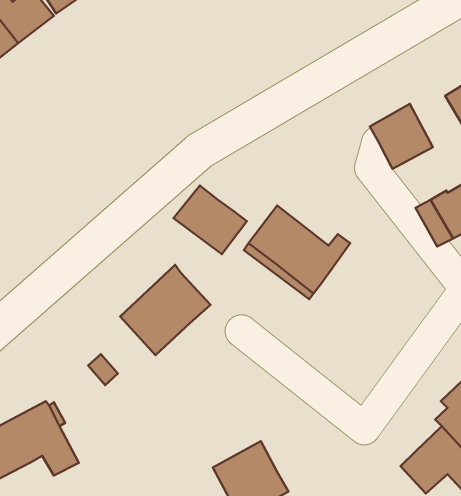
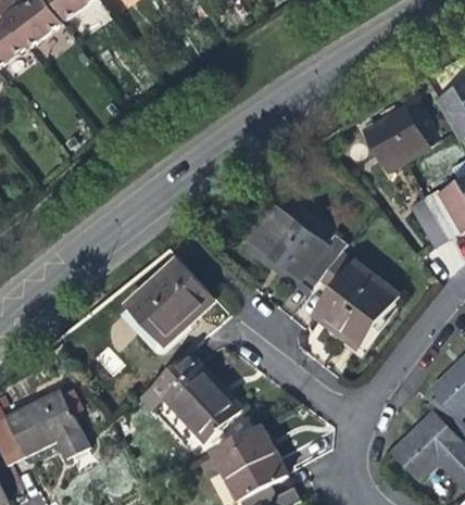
building: [173,186,247,254] -> none
building: none -> [310,248,397,343]
building: none -> [153,359,240,444]

